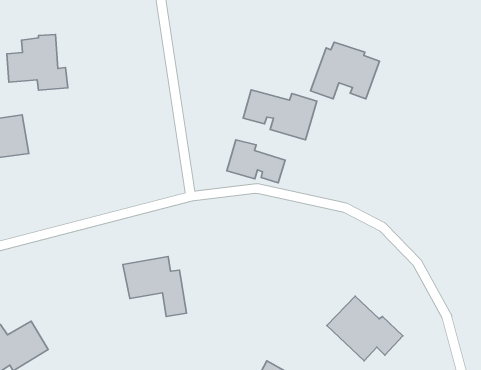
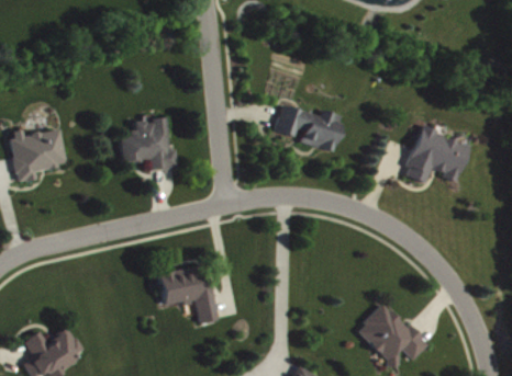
building: [7,35,68,90] -> [119,116,178,170]
building: [310,42,380,99] -> [402,128,469,183]
building: [227,140,285,183] -> none

